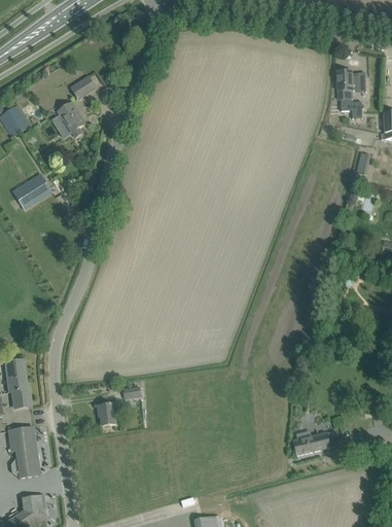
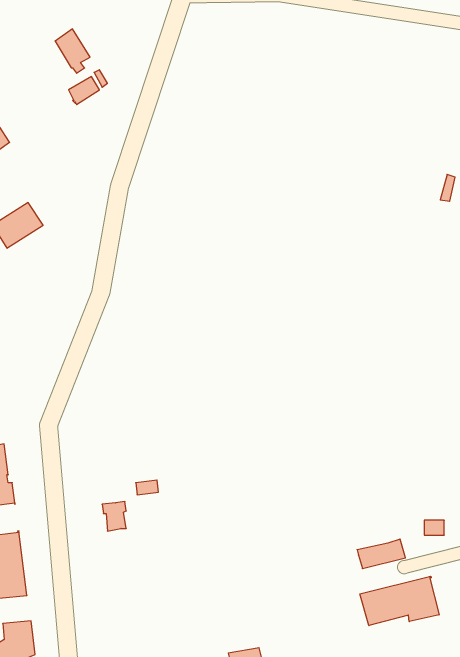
building: [337,70,366,115] -> none
building: [59,101,85,135] -> [55,29,90,73]
building: none -> [360,576,439,626]

